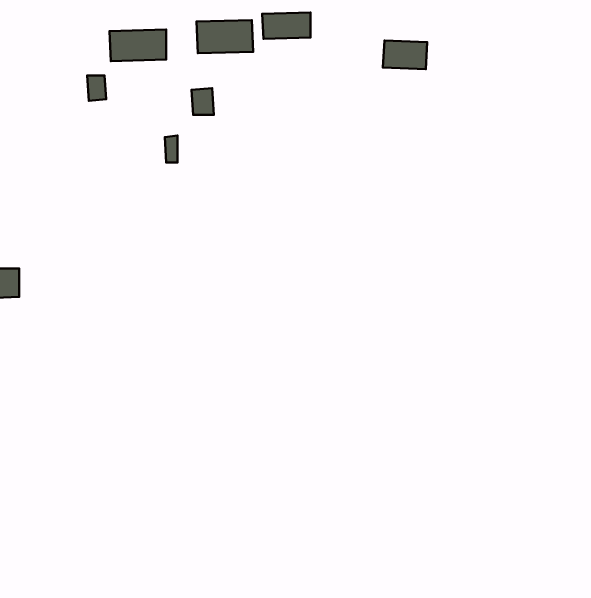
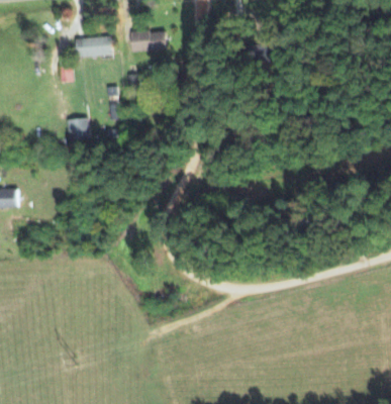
building: [262,12,311,39] -> none
building: none -> [70,117,92,140]

